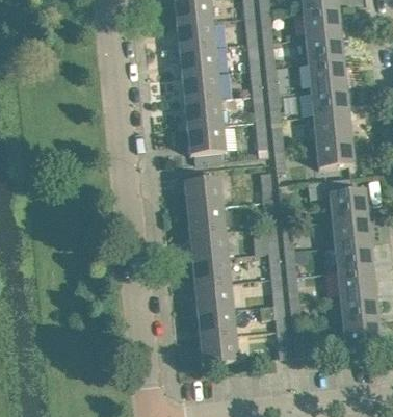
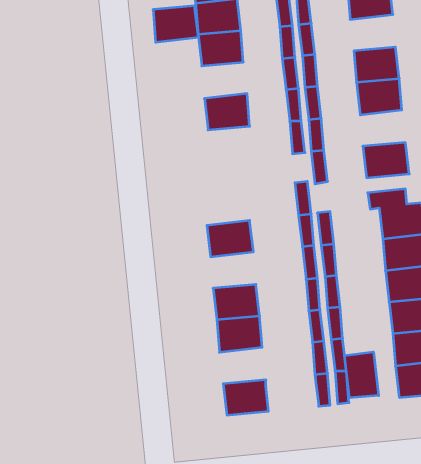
building: [306,32,343,62] -> none
building: [183,72,220,102] -> [153,6,198,42]
building: [314,111,351,141] -> none
building: [188,125,226,154] -> none
building: [185,177,222,207] -> none
building: [190,229,228,259] -> none
building: [198,308,236,338] -> none
building: none -> [345,352,379,398]

